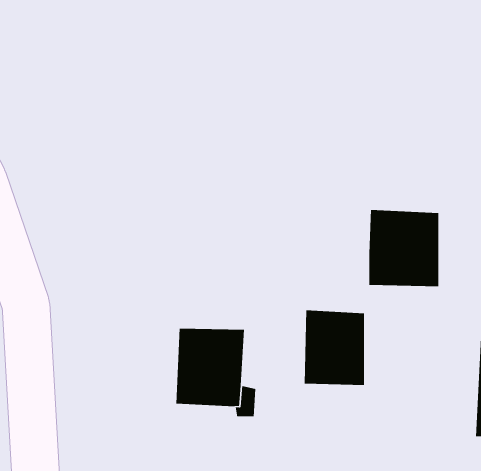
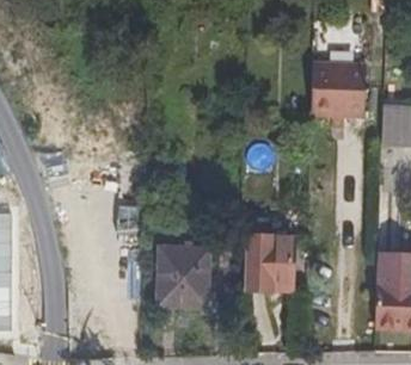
building: [368,209,439,287] -> [313,68,364,124]

